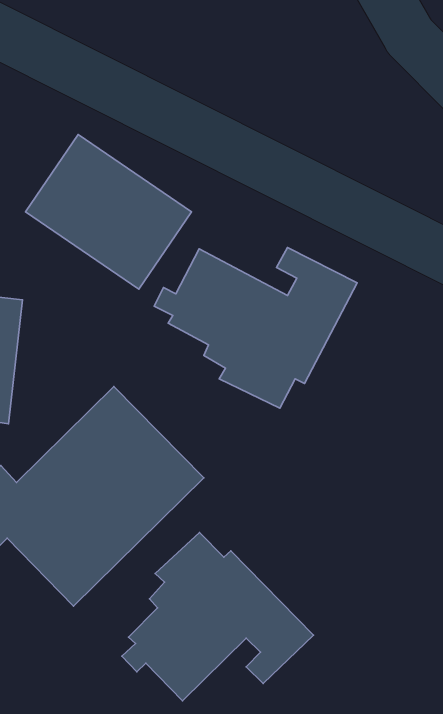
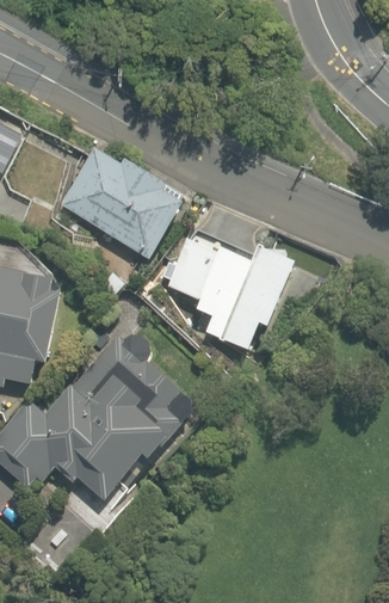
building: [122,533,314,701] -> none

